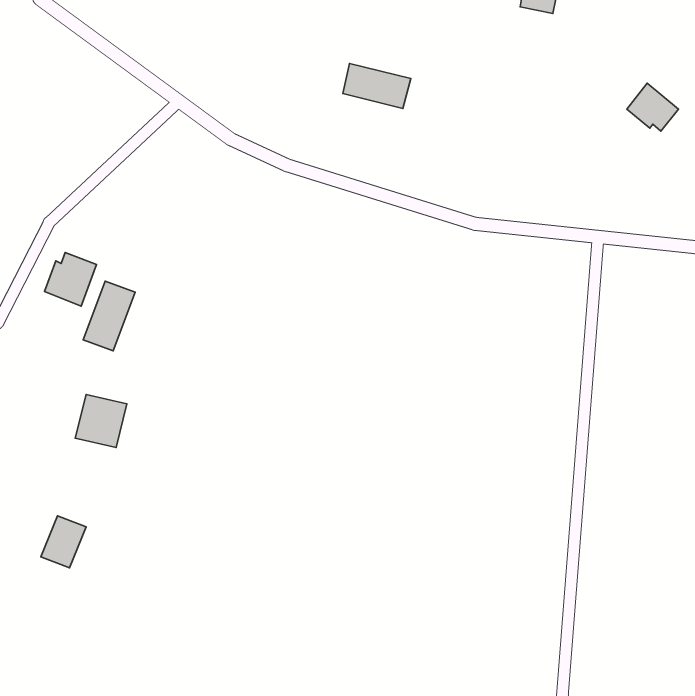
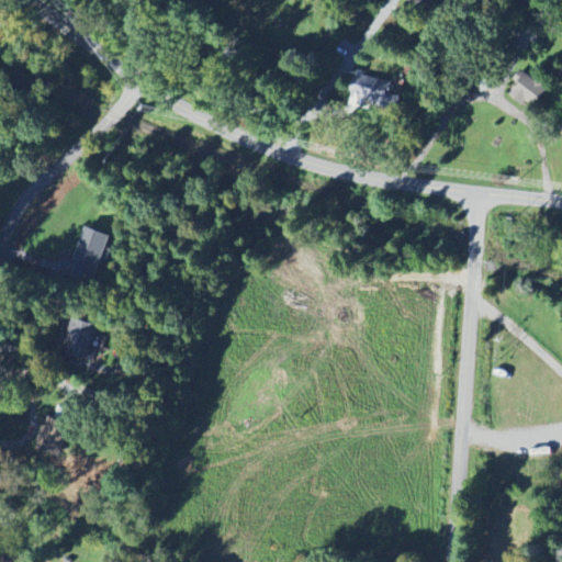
building: [343,63,411,109] -> [347,71,402,108]
building: [44,252,97,306] -> none

